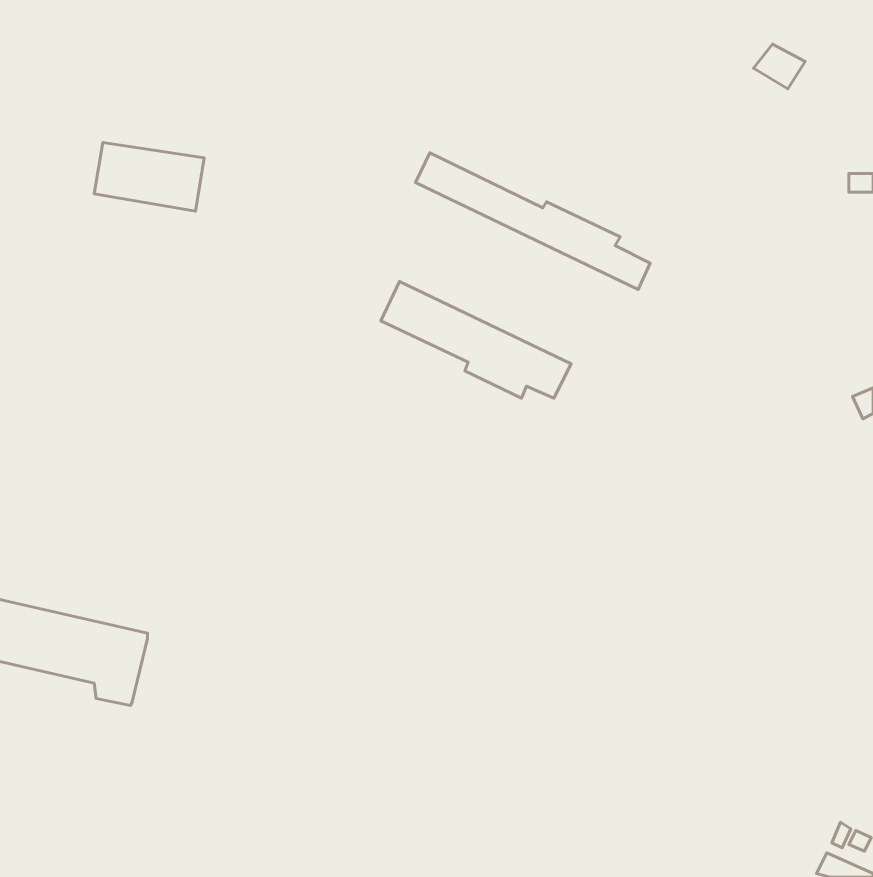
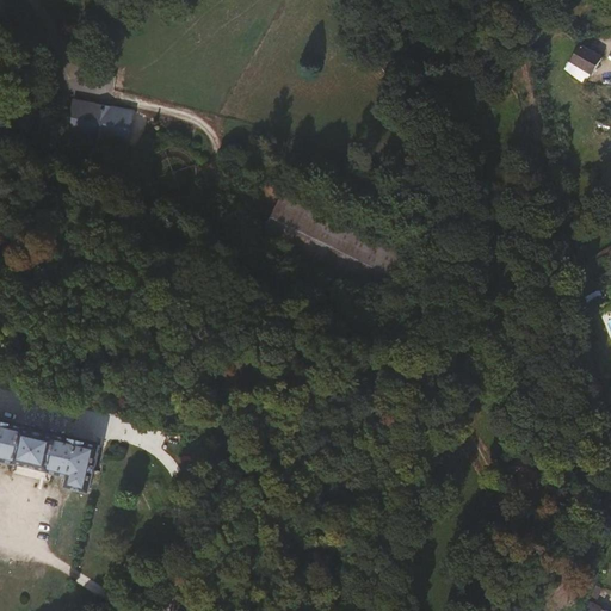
building: [754,44,805,89] -> [567,47,603,78]
building: [415,153,650,290] -> none

